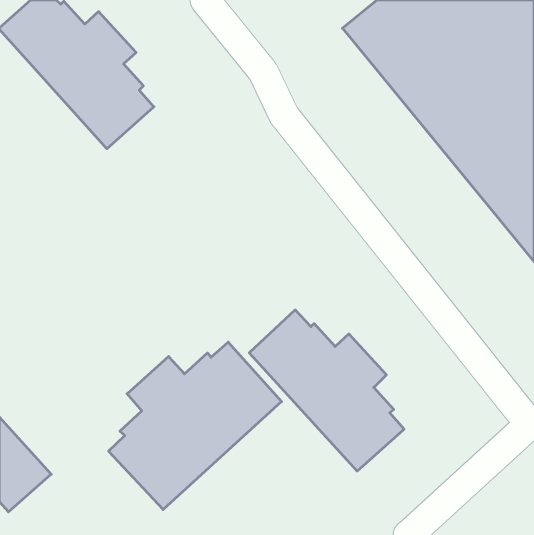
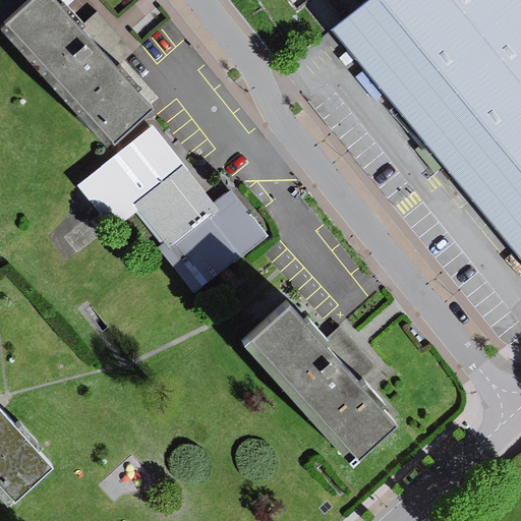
building: none -> [80,130,271,295]
building: [109,342,282,510] -> none

